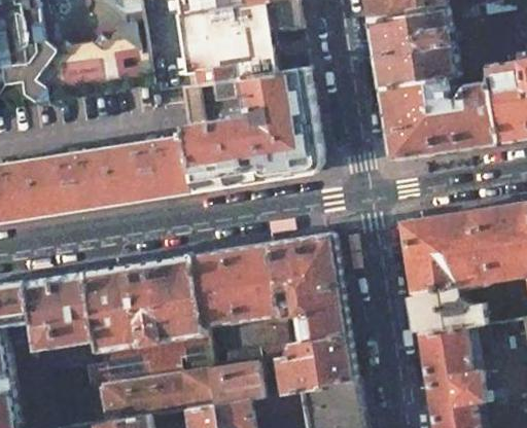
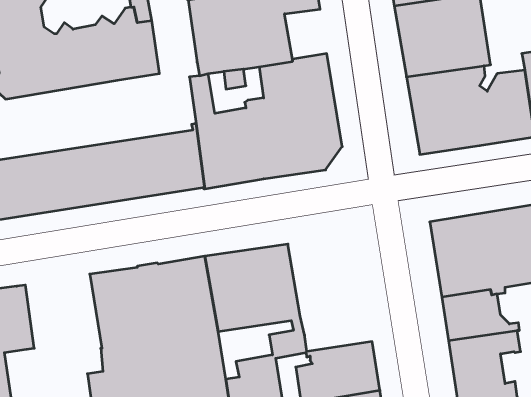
building: [268,234,346,343] -> none
building: [24,271,95,349] -> none

